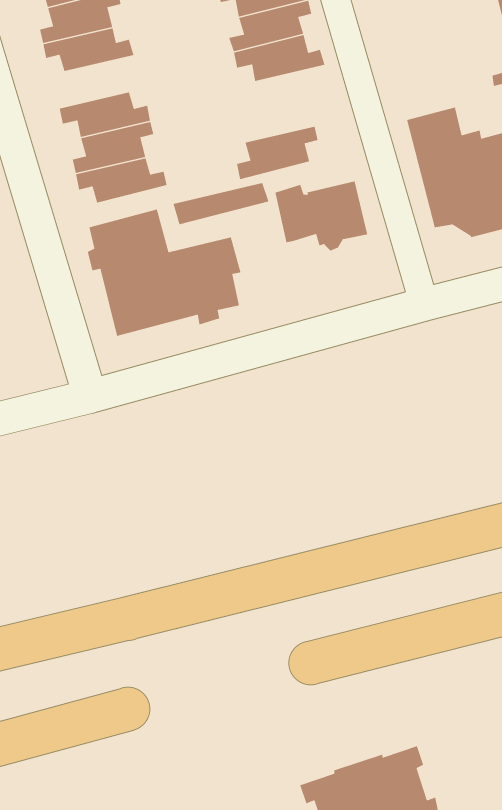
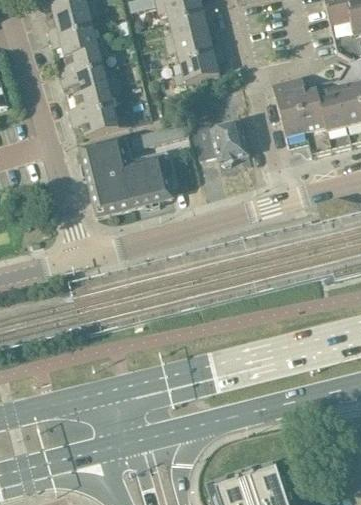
building: none -> [58,44,109,76]
building: [236,126,319,180] -> [175,50,225,83]

